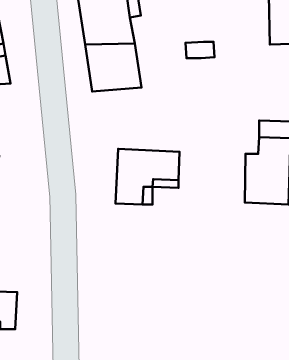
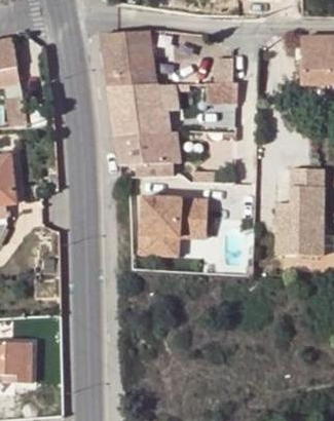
building: none -> [114,130,179,176]

